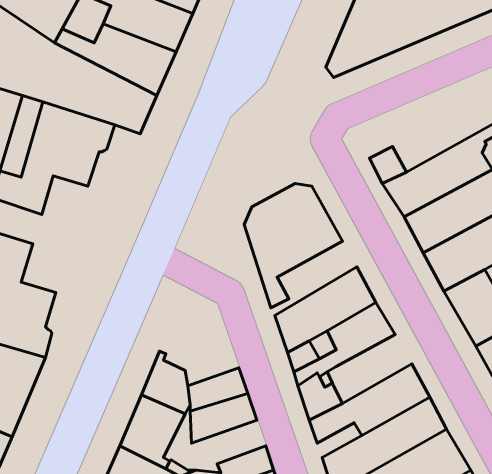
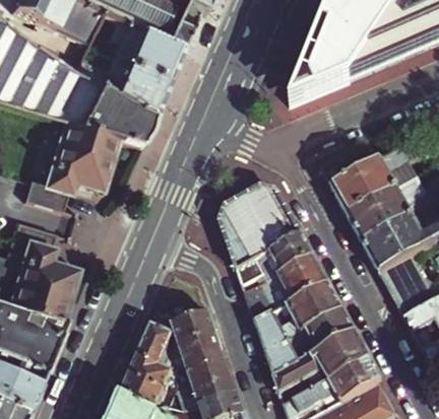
building: none -> [243,233,311,292]
building: none -> [293,307,355,362]
building: none -> [173,315,217,347]
building: none -> [180,375,239,413]

